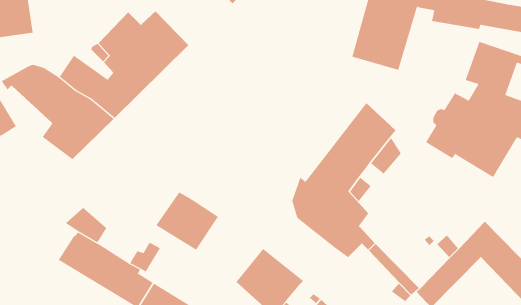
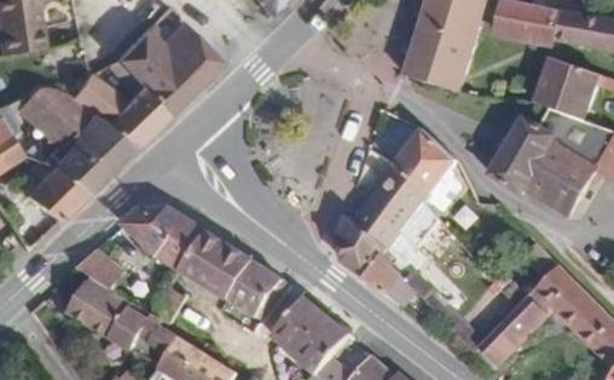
building: none -> [23,167,83,220]
building: none -> [122,206,205,269]
building: none -> [226,259,289,319]

